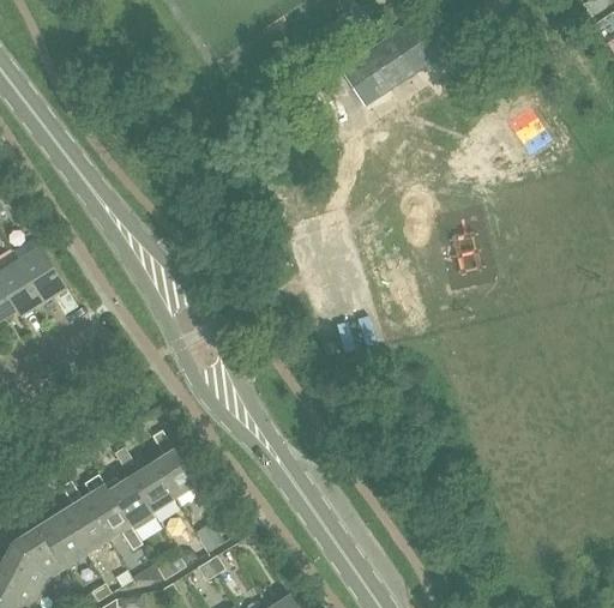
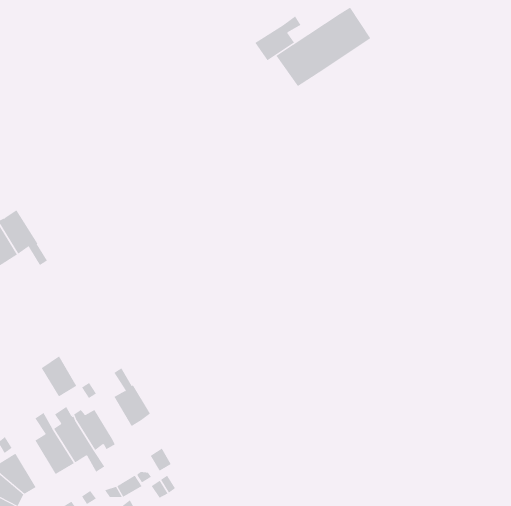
building: none -> [254,16,301,61]
building: [130,464,171,512] -> [41,356,77,397]
building: [38,514,84,568] -> none

